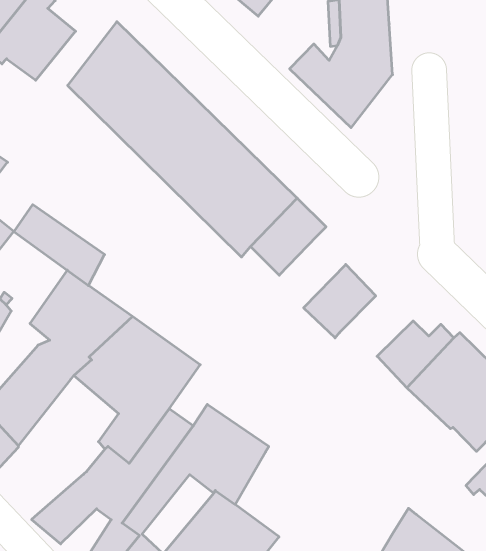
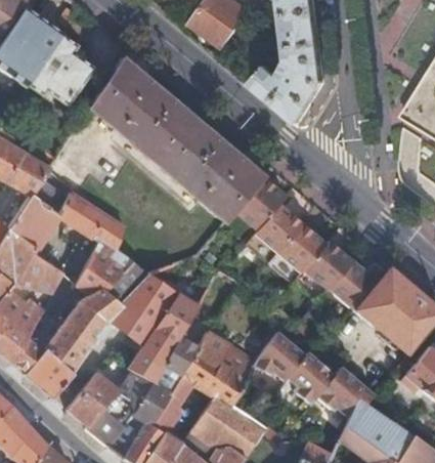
building: none -> [252,205,303,258]
building: none -> [302,242,355,295]
building: none -> [254,331,375,419]
building: none -> [68,374,122,425]

